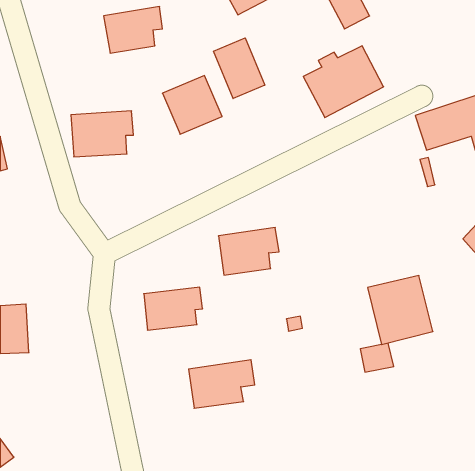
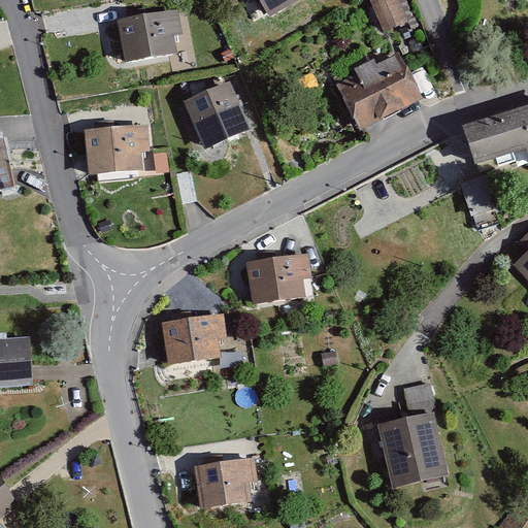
building: [213,38,265,99] -> none
building: [368,276,433,345] -> [376,411,449,488]
building: [189,360,255,408] -> [188,455,261,508]

